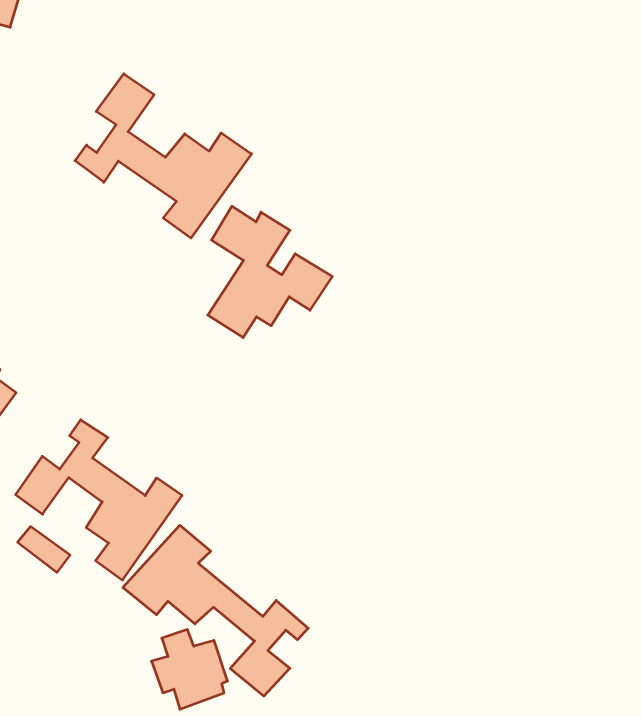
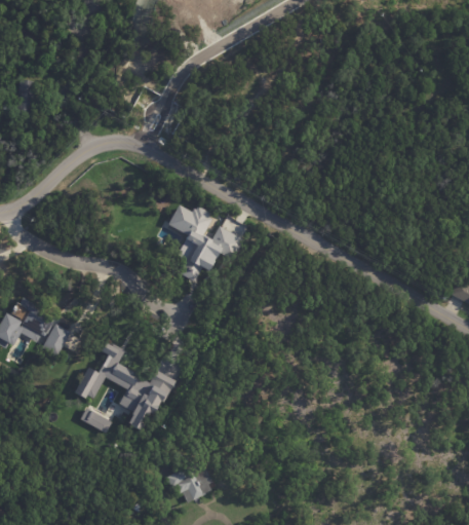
building: [75,74,252,238] -> none
building: [123,525,308,696] -> none

